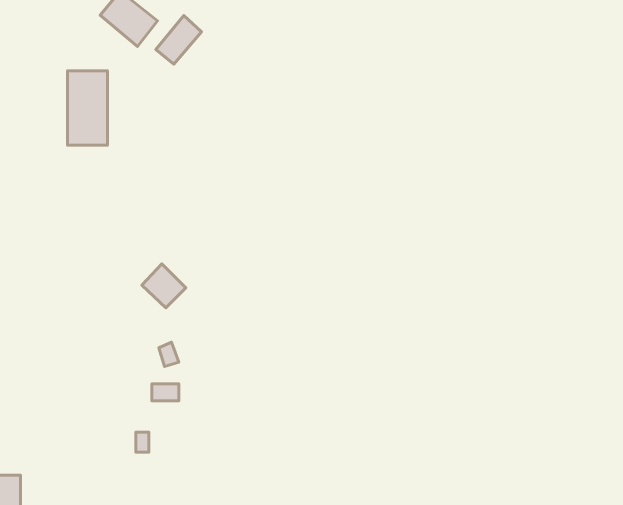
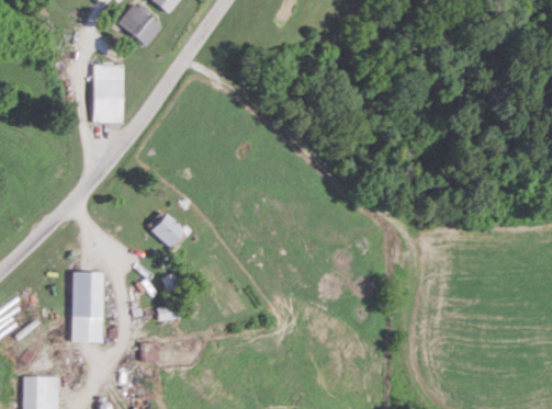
building: [156,16,202,64] -> none
building: none -> [70,272,101,341]

